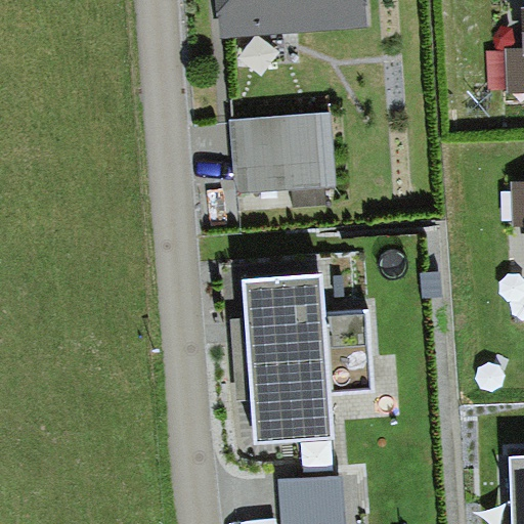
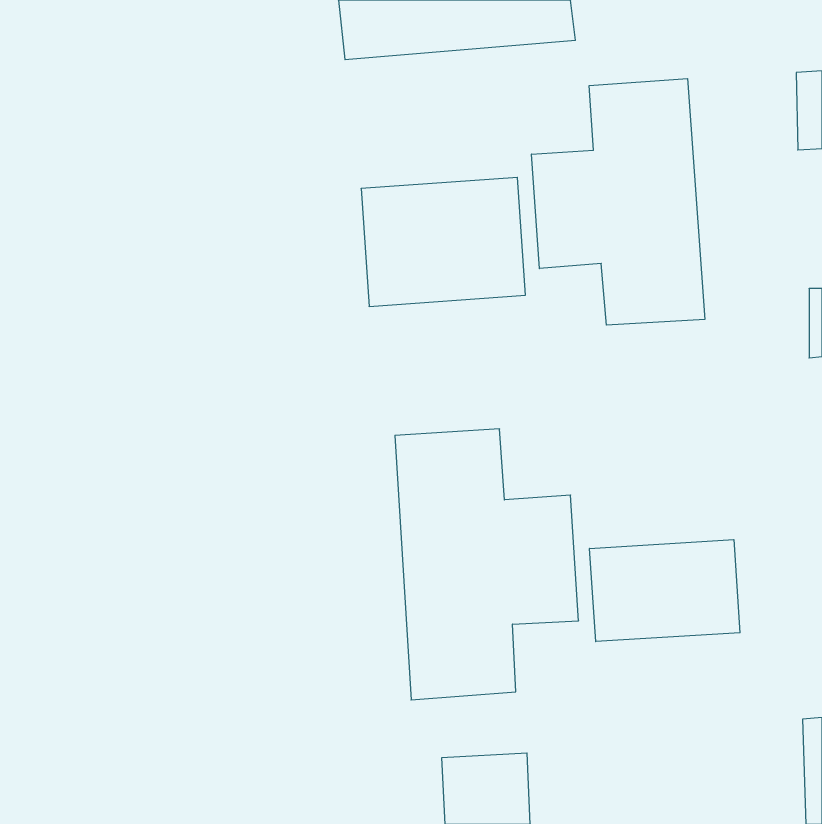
building: none -> [532,79,705,325]
building: none -> [590,540,740,642]

